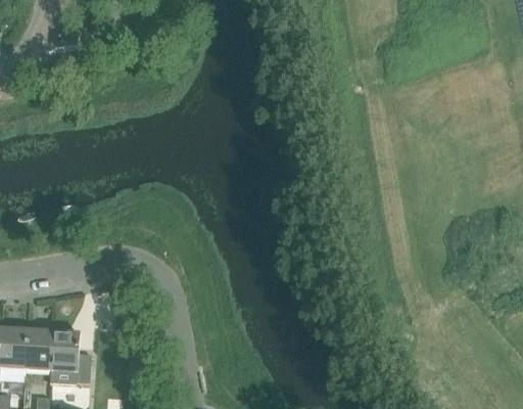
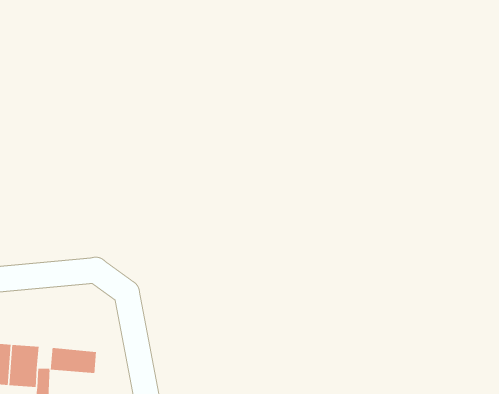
building: none -> [50,347,96,374]

